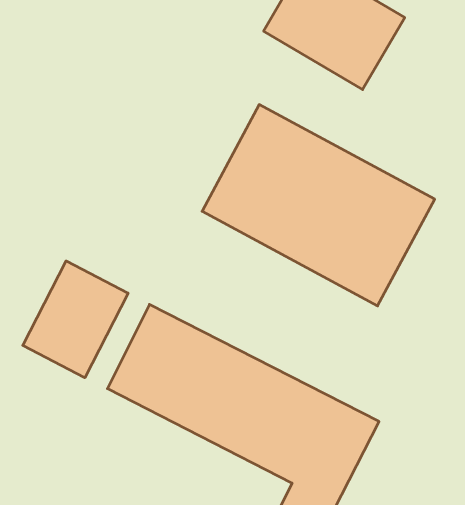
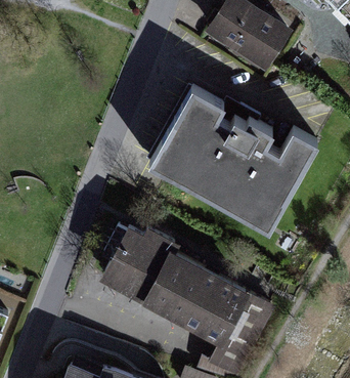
building: [23,261,128,378] -> none

